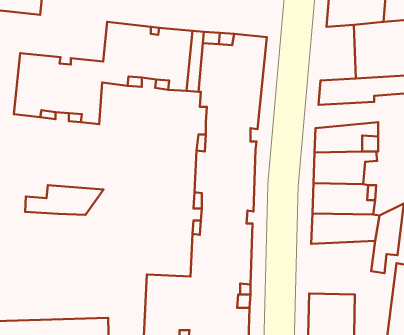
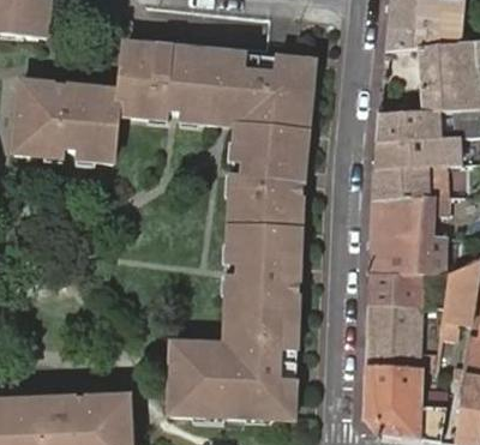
building: none -> [373,138,462,170]
building: [25,185,104,215] -> none
building: none -> [366,305,437,368]

